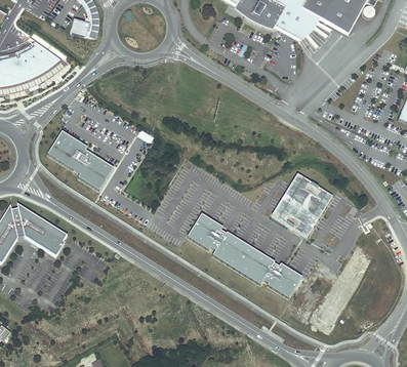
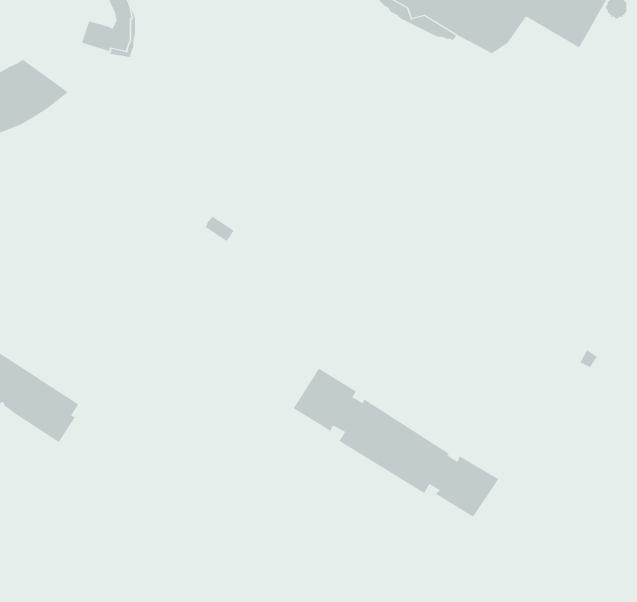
building: [47,131,113,191] -> none
building: [271,174,332,237] -> none

